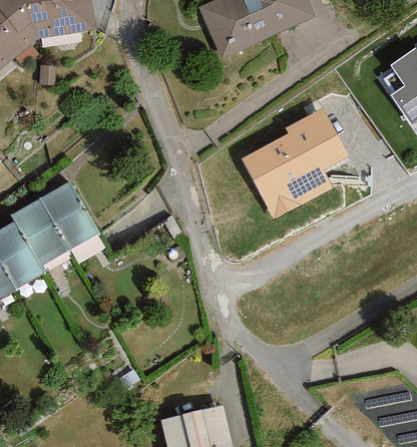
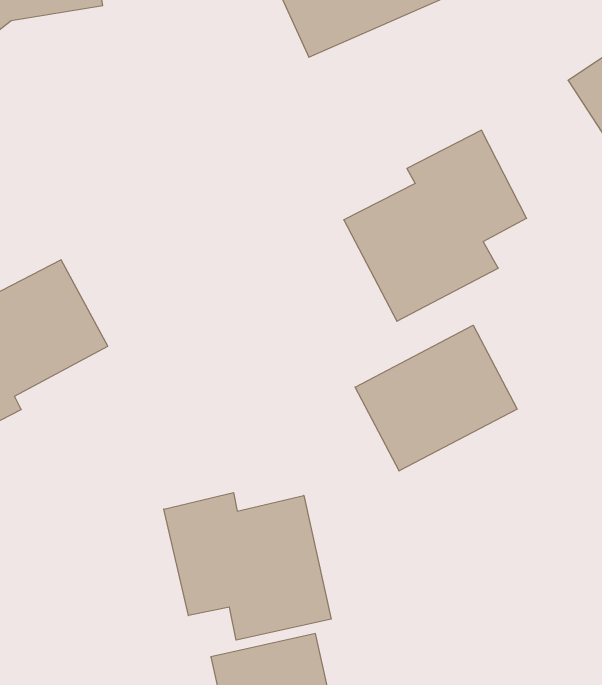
building: none -> [355,325,517,471]
building: none -> [164,493,331,640]

